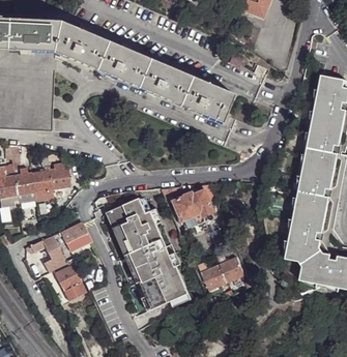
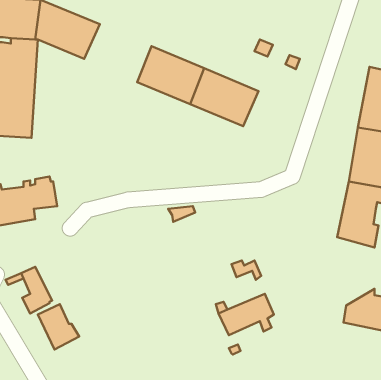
building: [92,39,146,86] -> none
building: [173,183,213,229] -> none
building: [106,198,186,308] -> none
building: [286,210,325,265] -> none
building: [60,220,90,248] -> none

